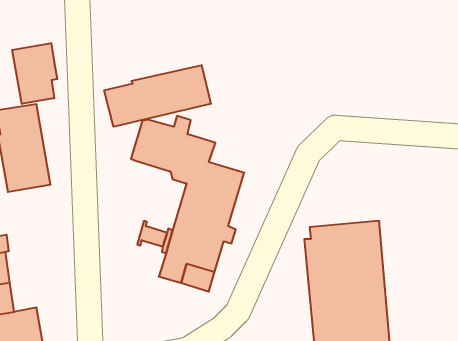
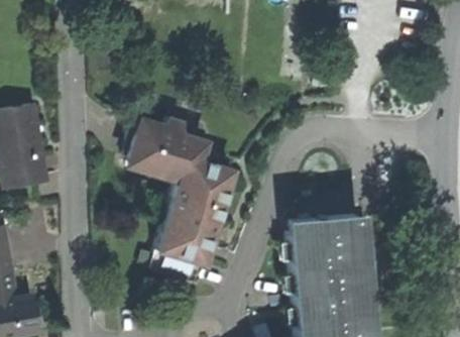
building: [12,43,57,104] -> none
building: [104,65,211,127] -> none

